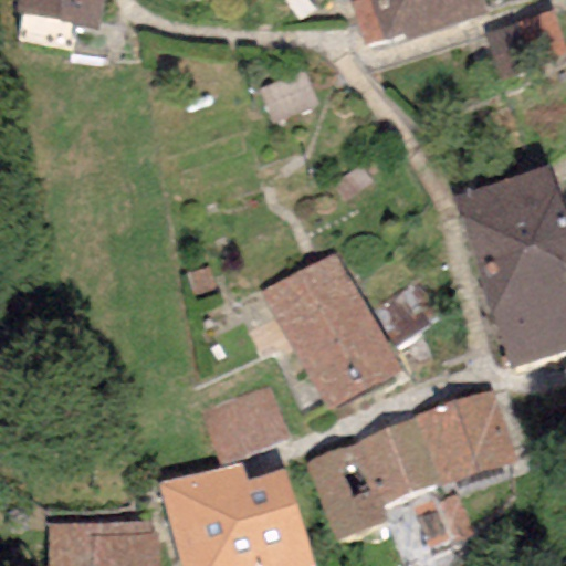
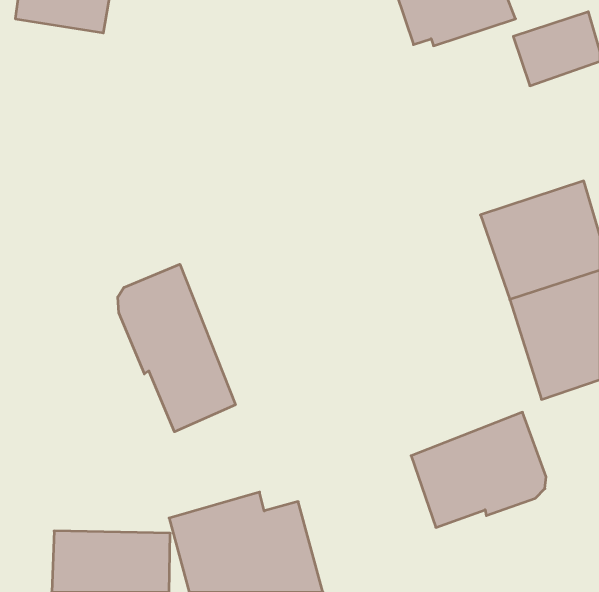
building: [271,243,400,398] -> none
building: none -> [118,264,235,432]
building: [304,429,411,545] -> none

